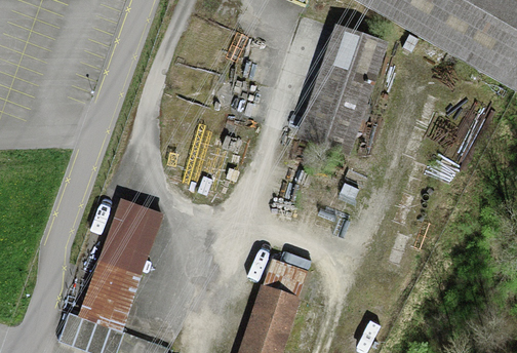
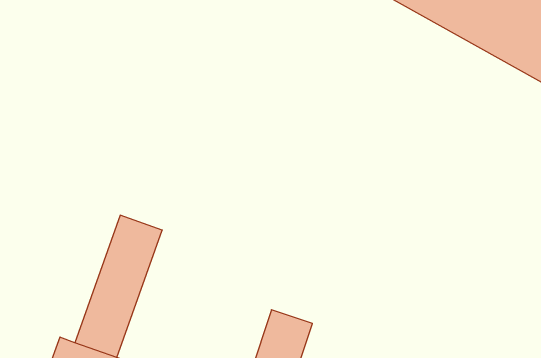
building: [302,25,387,152] -> none

